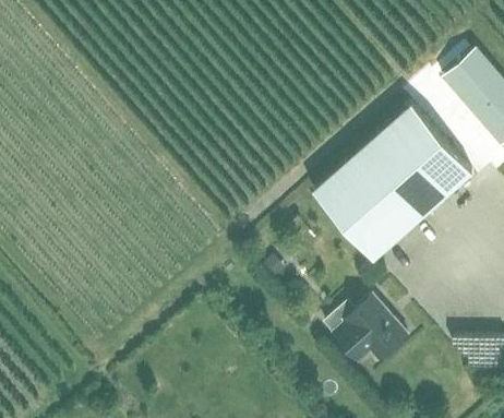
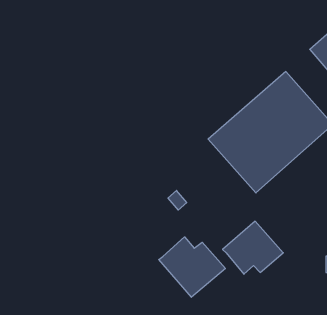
building: none -> [159,237,225,297]

